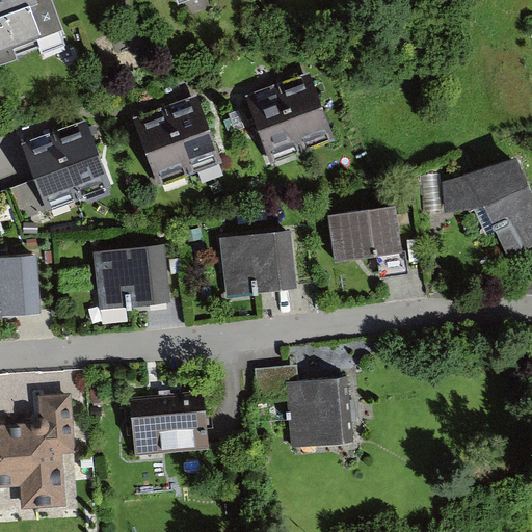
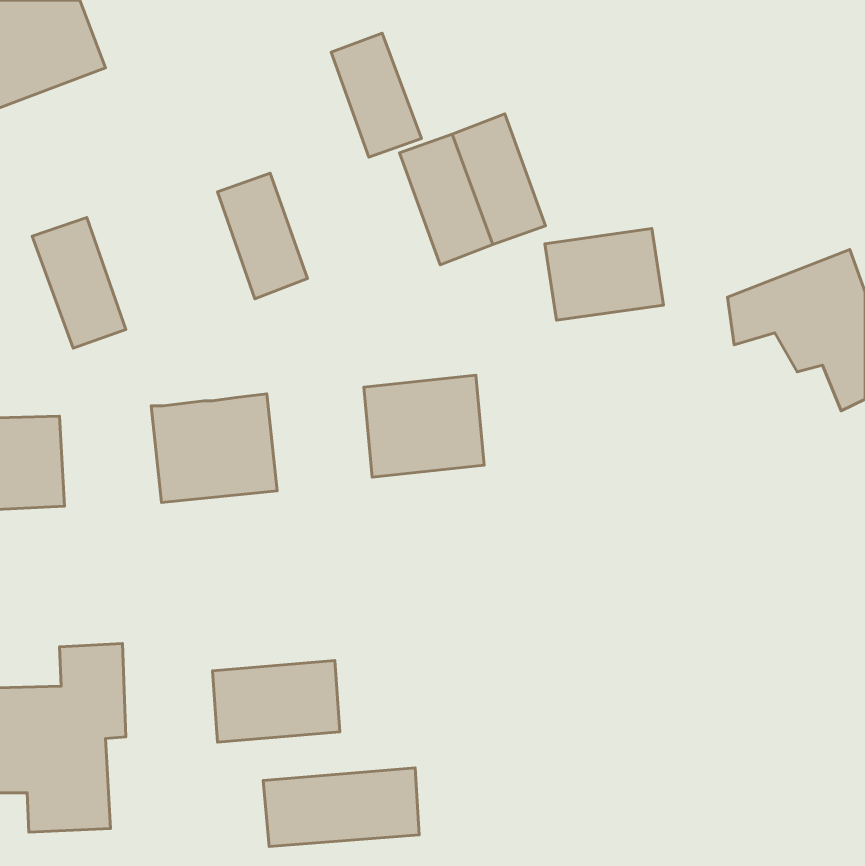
building: [165,96,220,171] -> [331,33,421,157]
building: [53,123,110,203] -> none
building: [329,206,402,262] -> [545,229,664,320]
building: [258,367,349,444] -> none
building: none -> [263,768,419,847]

